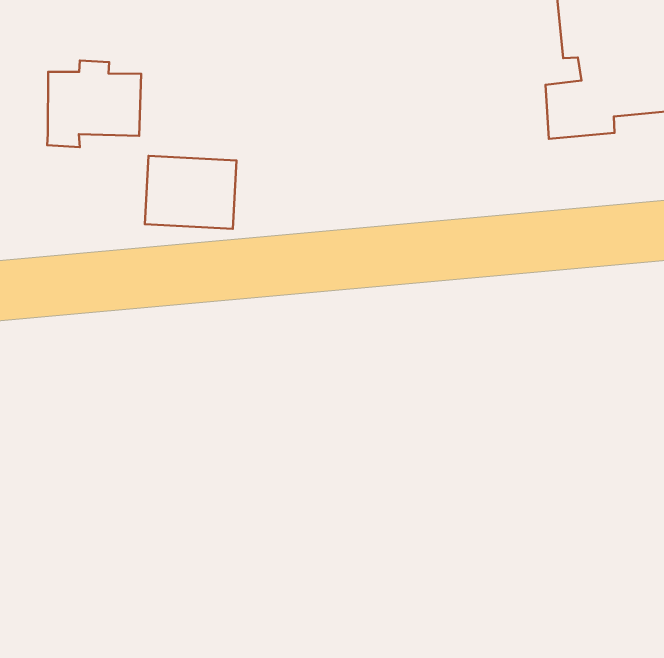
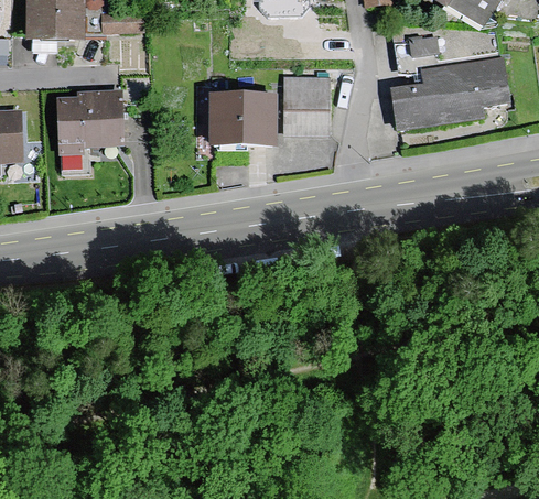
building: none -> [283,76,328,132]
building: [145,156,237,229] -> [213,97,272,143]

